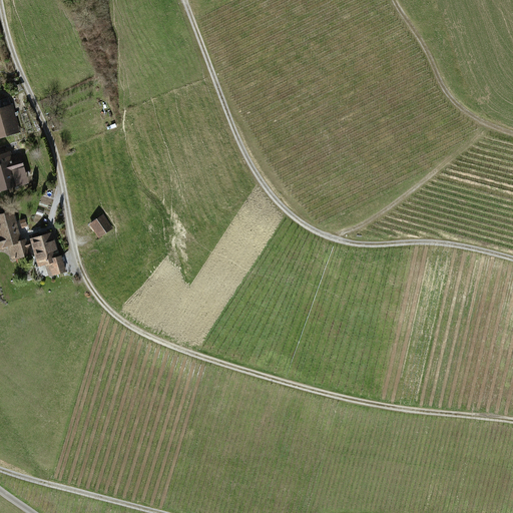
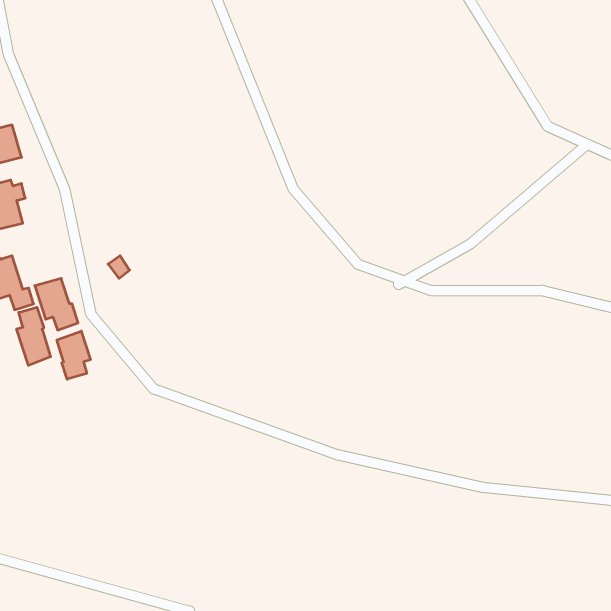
building: none -> [17,307,51,365]
building: none -> [57,331,90,379]

